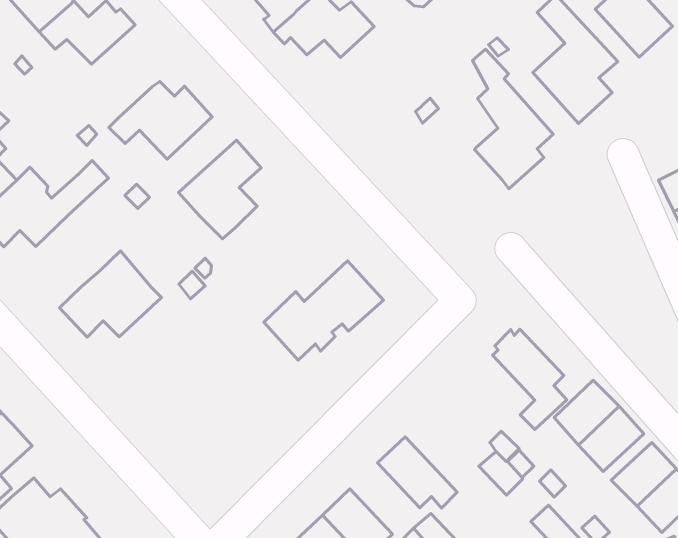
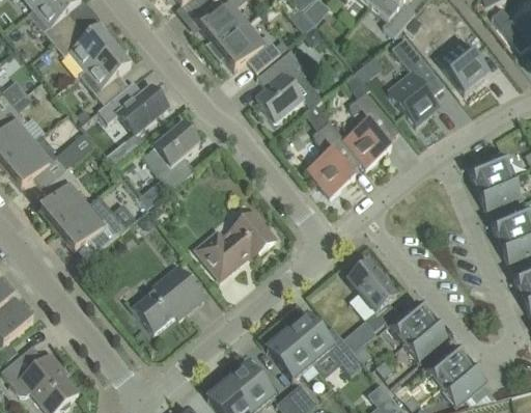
building: none -> [255,49,306,121]
building: none -> [80,42,132,104]
building: none -> [308,119,362,196]
building: none -> [40,168,86,230]
building: none -> [134,266,204,332]
building: none -> [286,314,333,363]

